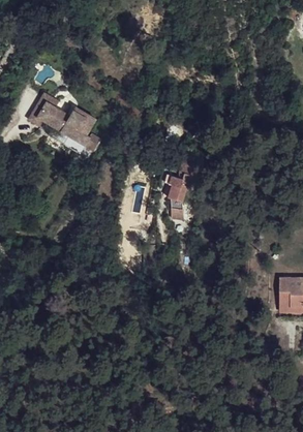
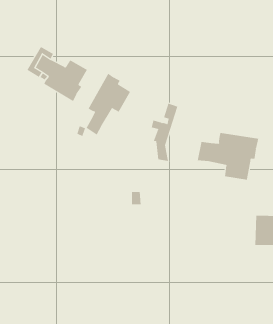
building: none -> [86,73,131,136]
building: none -> [197,132,259,181]

